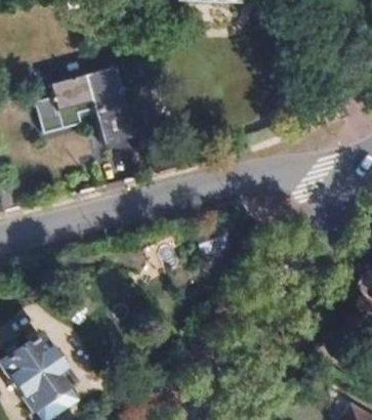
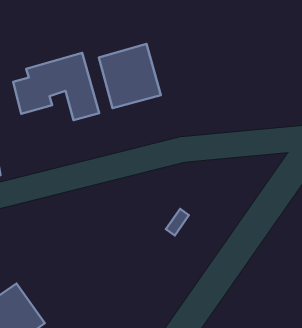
building: none -> [99,44,161,108]

